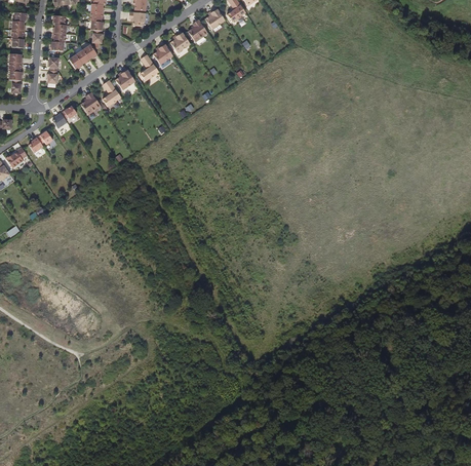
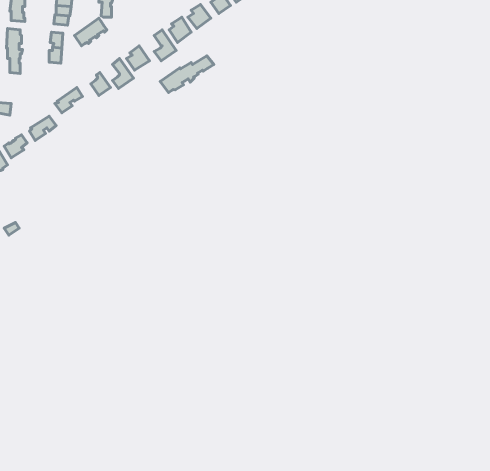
building: none -> [160,56,214,92]

